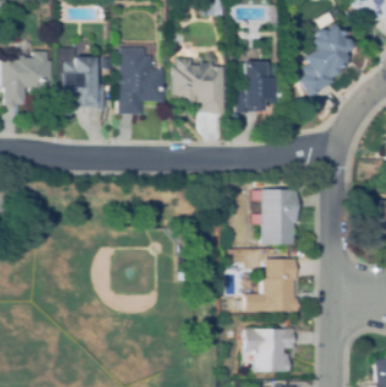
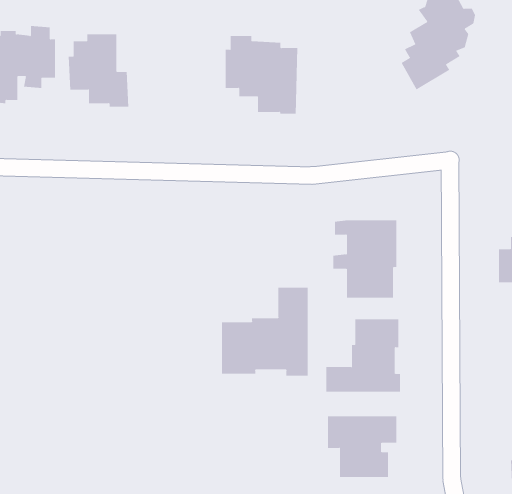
building: [117,47,164,113] -> none
building: [234,61,277,112] -> none
building: none -> [221,287,308,376]

